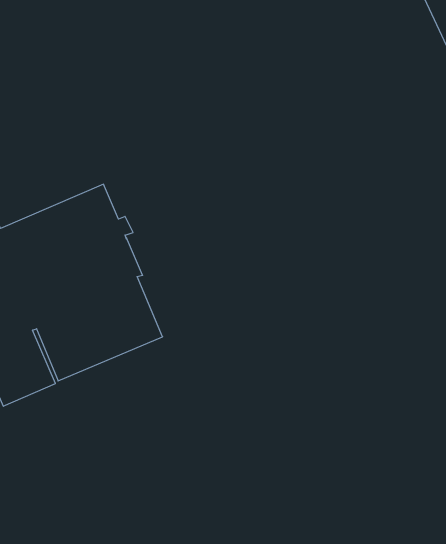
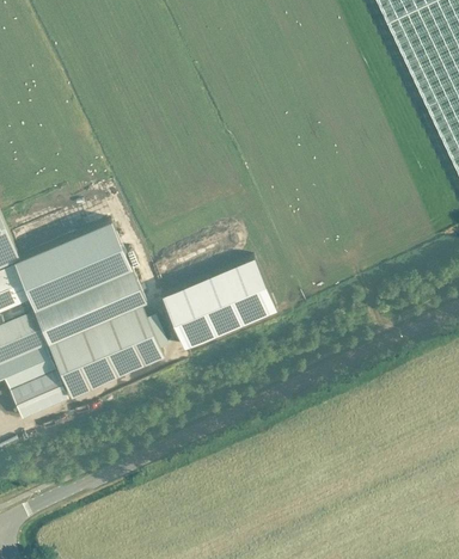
building: none -> [163,256,277,348]

